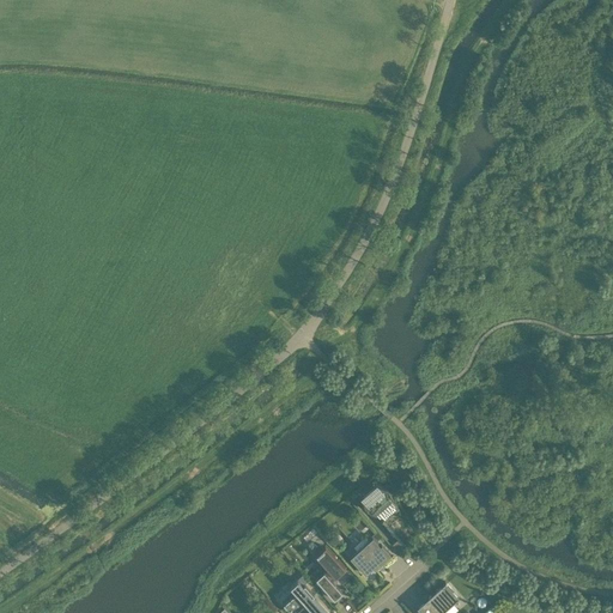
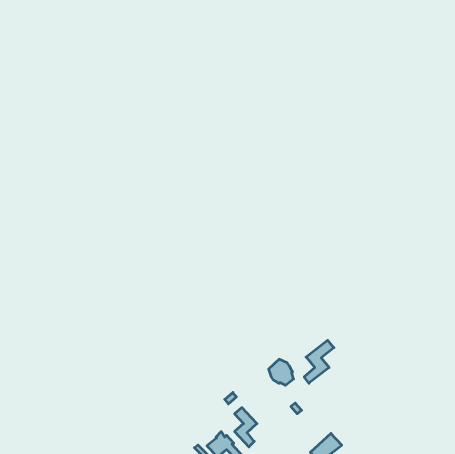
building: none -> [304,340,334,383]
building: [351,534,392,577] -> none

